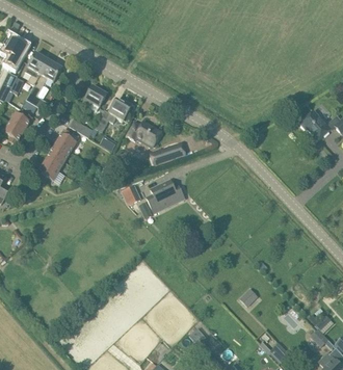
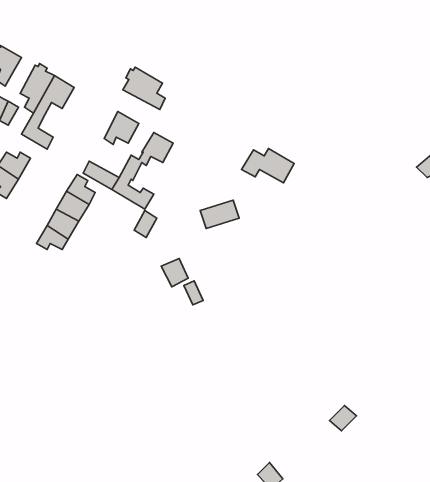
building: none -> [123,67,165,110]
building: [126,121,162,144] -> [242,148,294,183]
building: [146,178,184,212] -> none

